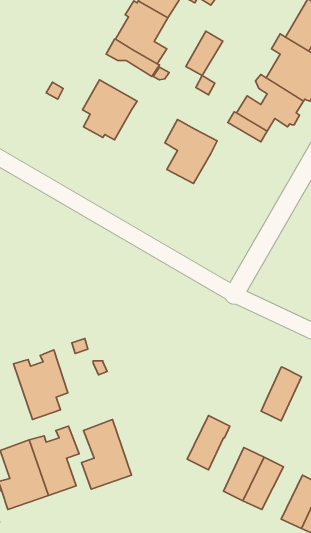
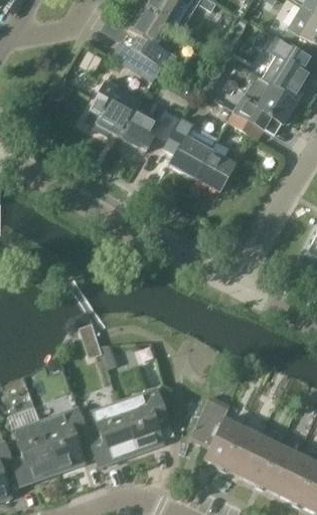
building: [186,31,223,76] -> none
building: none -> [120,109,179,151]
building: none -> [194,150,234,192]
building: [13,350,68,419] -> [118,387,169,453]
building: [261,367,302,421] -> [203,417,242,468]
building: none -> [259,445,297,494]

